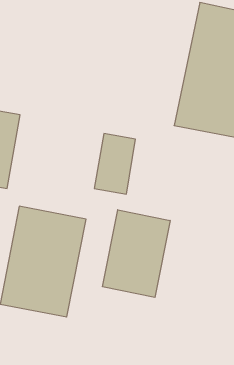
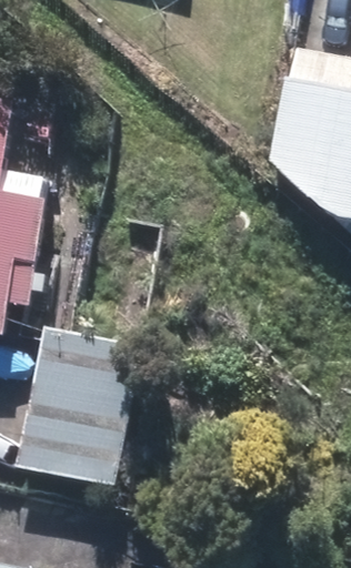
building: [103,210,170,297] -> none

